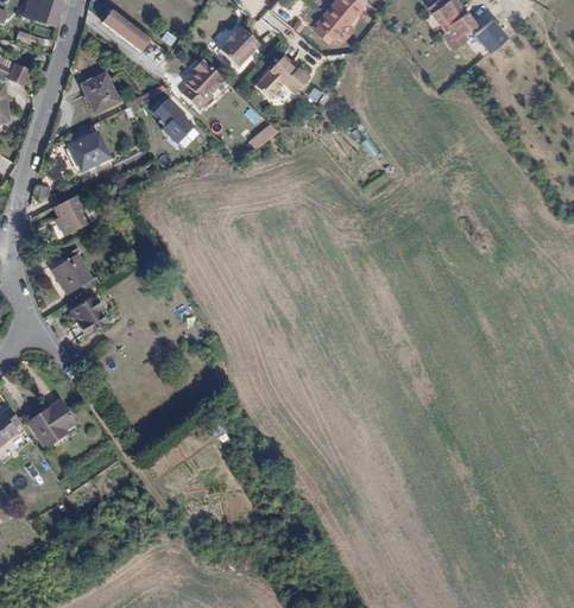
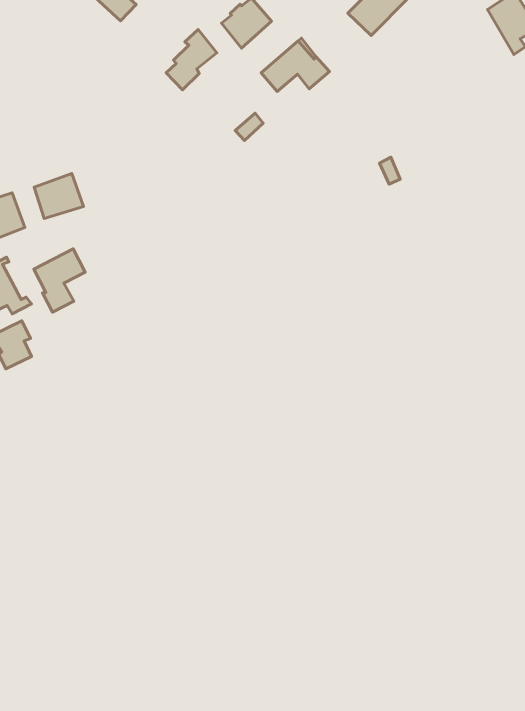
building: [81,70,119,109] -> none
building: [153,100,195,146] -> none
building: [67,131,107,169] -> [34,173,83,219]
building: none -> [34,249,85,312]

